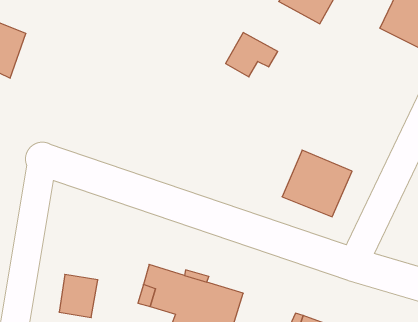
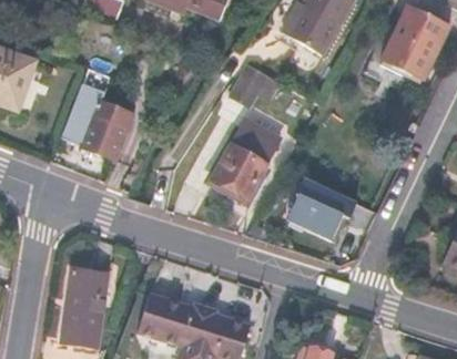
building: none -> [64,85,132,151]
building: none -> [211,116,283,199]
building: none -> [68,270,106,309]

